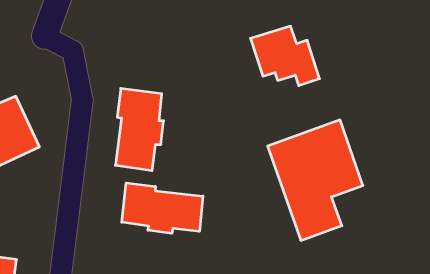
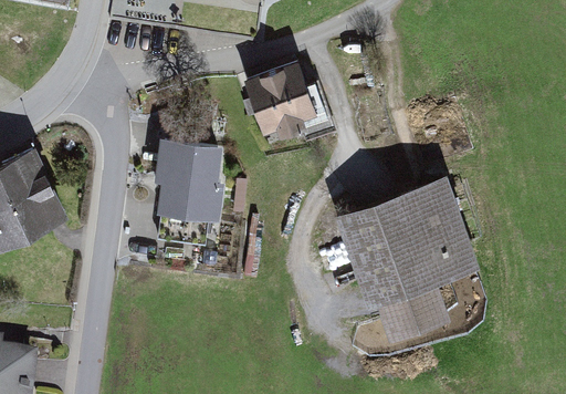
building: [250,26,320,86] -> [247,64,334,139]
building: [122,183,203,233] -> none

